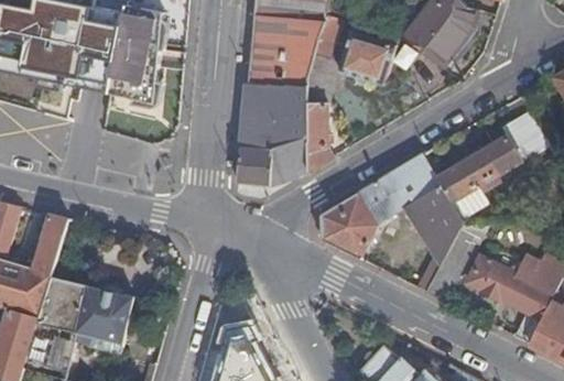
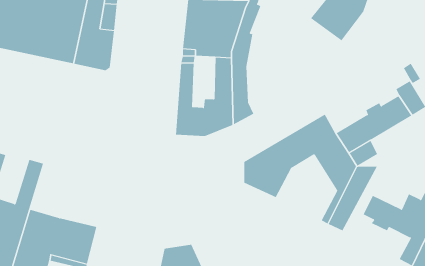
building: [338,28,398,81] -> none

